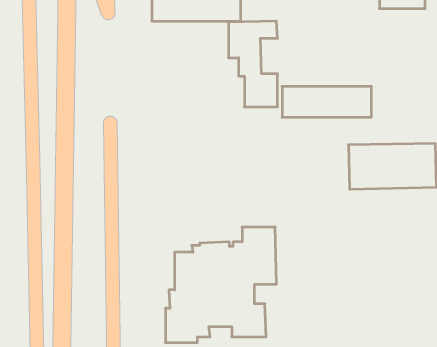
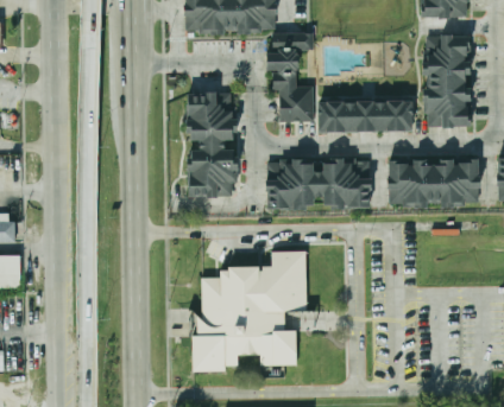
building: none -> [423,33,470,127]
building: none -> [187,91,234,196]
building: none -> [266,160,370,209]

